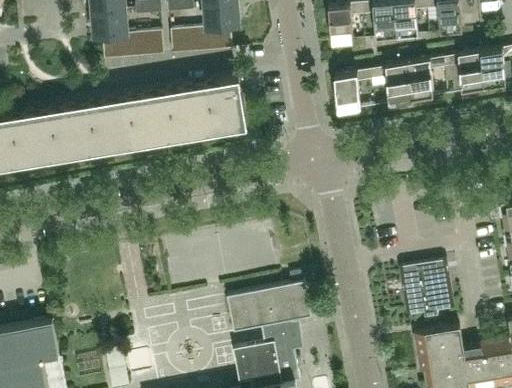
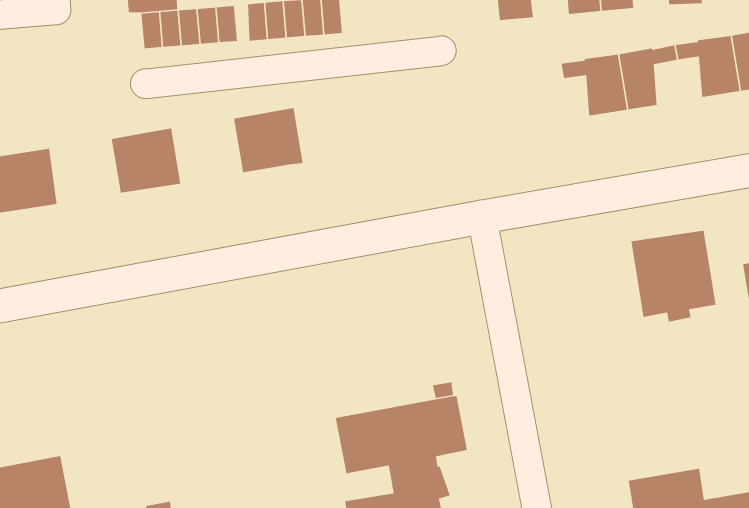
building: [334,67,373,109] -> none
building: [201,89,247,131] -> none
building: [123,102,168,144] -> none
building: [45,115,90,157] -> none
building: [399,258,454,317] -> [630,230,717,322]

